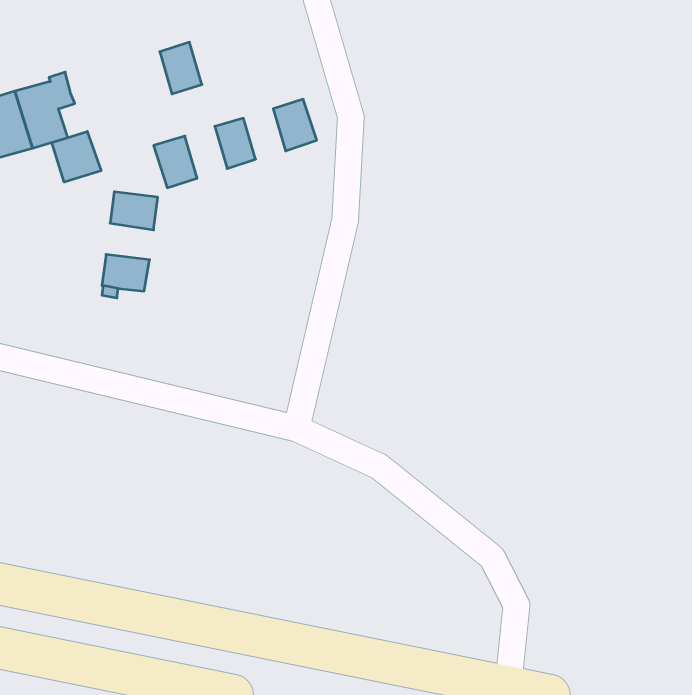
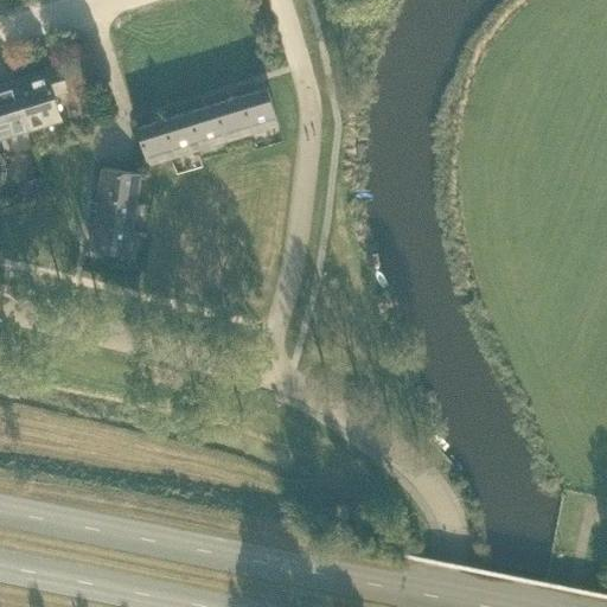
building: [160,42,202,94] -> [161,110,198,155]
building: none -> [212,95,249,139]
building: [52,131,101,182] -> none
building: none -> [92,194,134,226]

